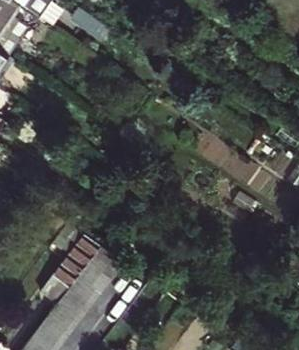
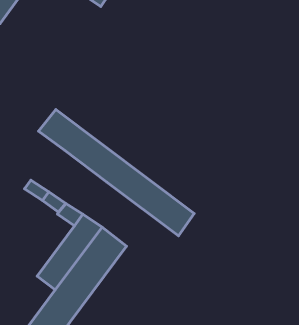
building: none -> [38,109,194,236]

